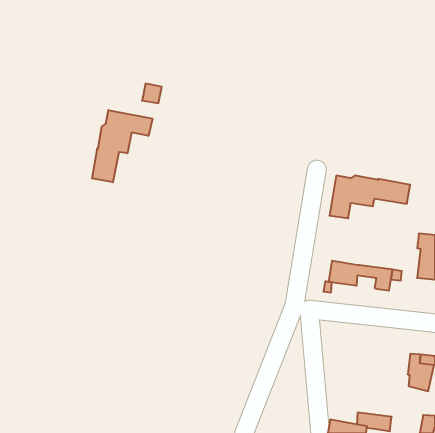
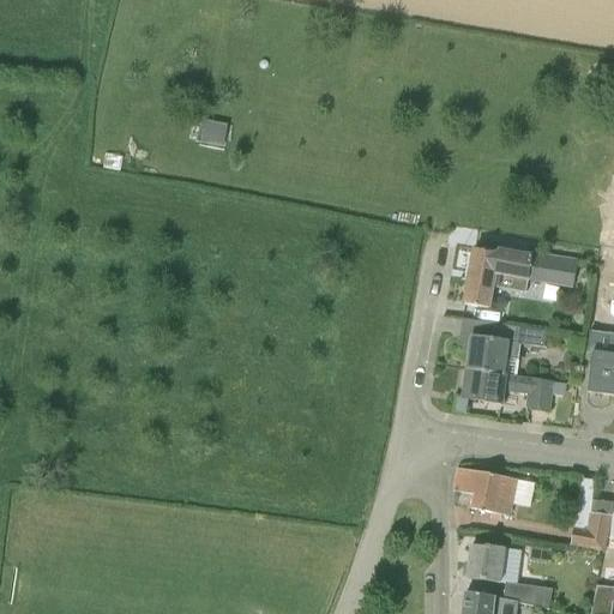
building: [92,110,152,182] -> none
building: none -> [468,321,548,373]
building: none -> [453,466,517,514]
building: none -> [466,543,506,582]

